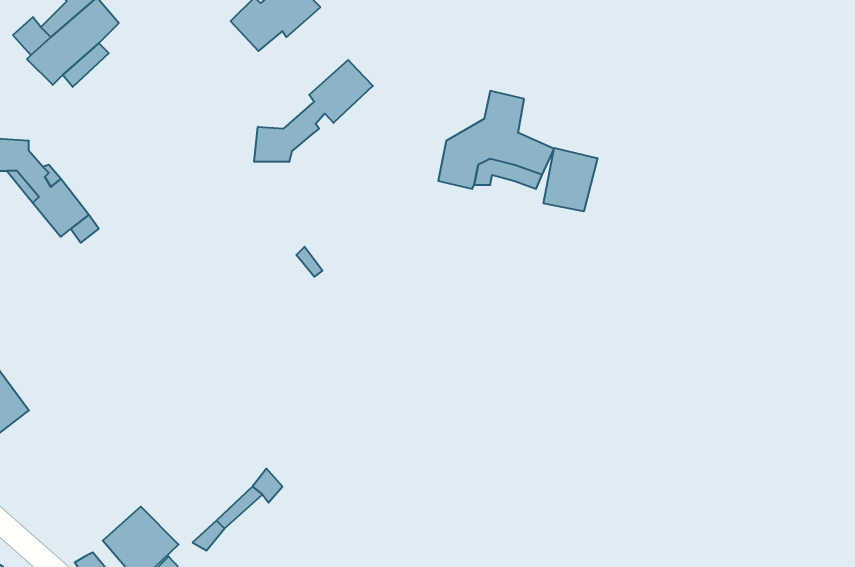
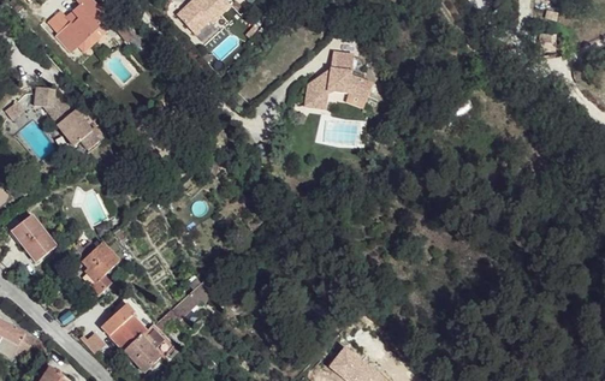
building: [254,60,373,162] -> none
building: [544,148,597,211] -> none
building: none -> [81,243,117,294]

